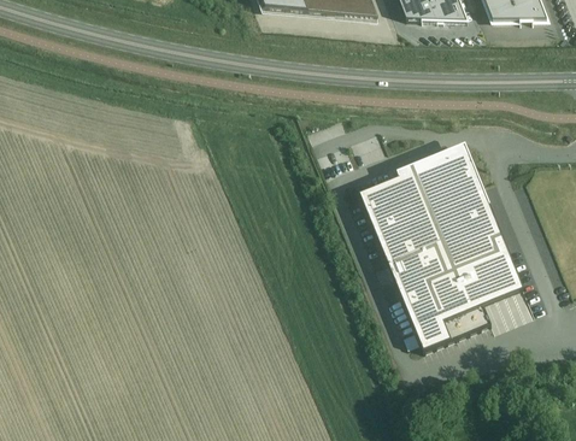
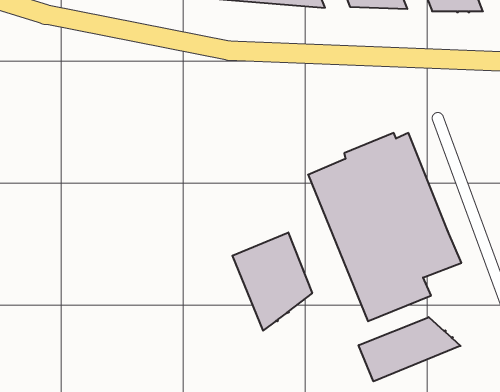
building: none -> [232,232,312,331]
building: none -> [359,317,461,381]

